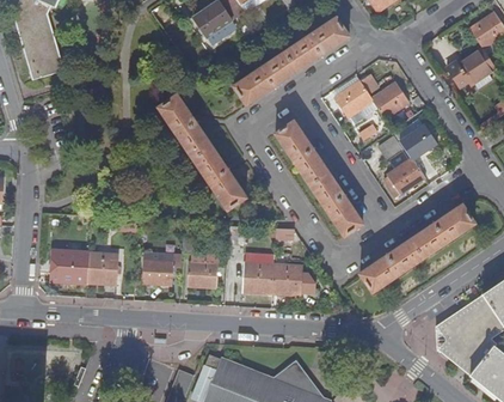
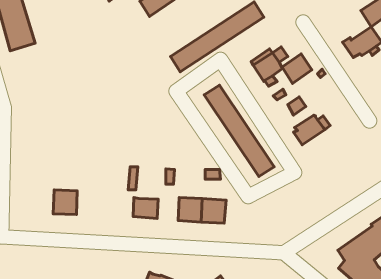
building: [159,95,246,211] -> none
building: [400,124,438,160] -> none
building: [359,205,474,291] -> none
building: [59,251,88,282] -> none
building: [142,260,173,285] -> none

